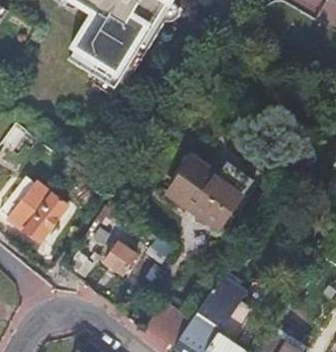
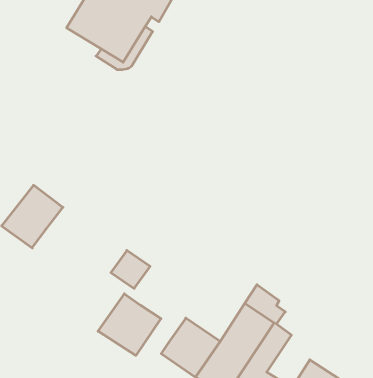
building: [165,159,242,230] -> none
building: none -> [98,294,161,355]

